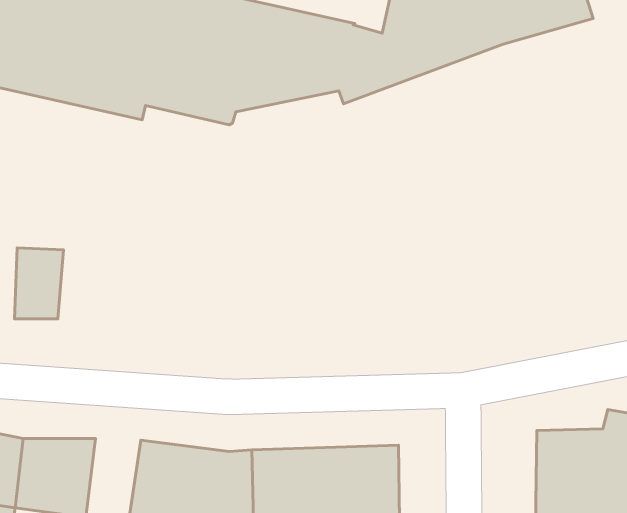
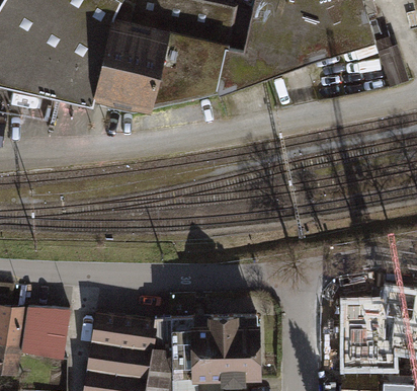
building: [15,248,63,319] -> none

